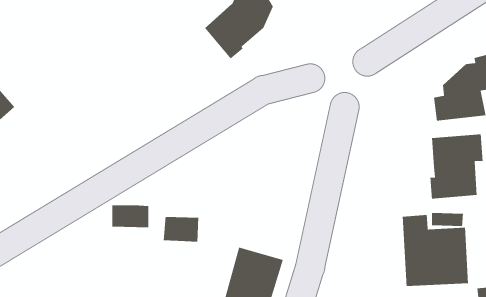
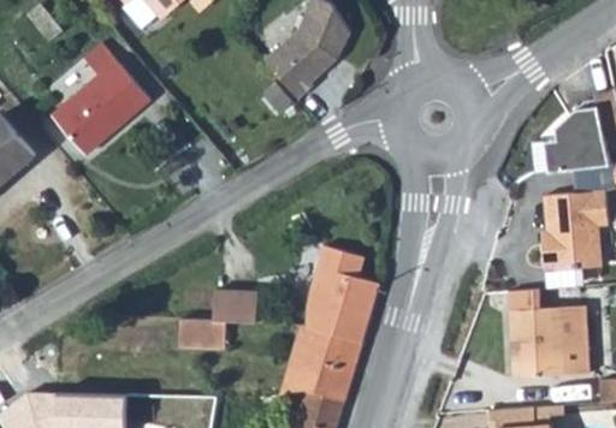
building: none -> [52,42,150,155]
building: none -> [307,245,379,341]
building: [112,205,149,228] -> [186,319,232,347]

